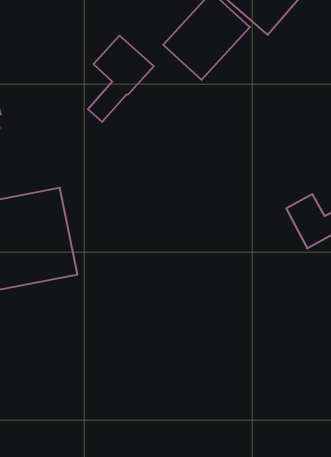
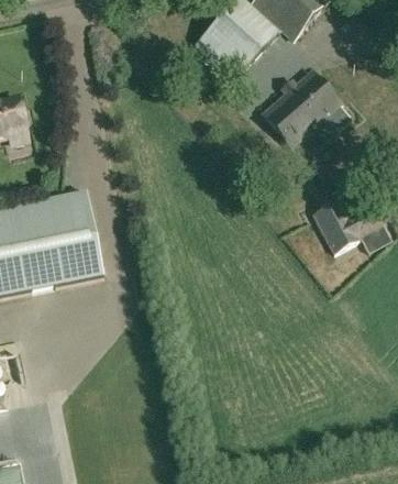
building: [88,36,154,122] -> none
building: none -> [263,73,341,147]

